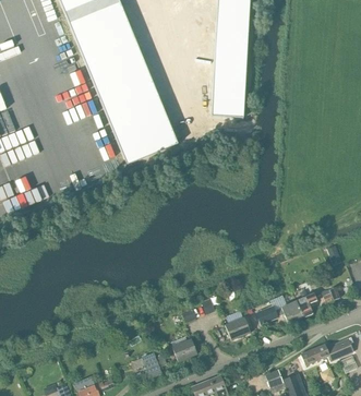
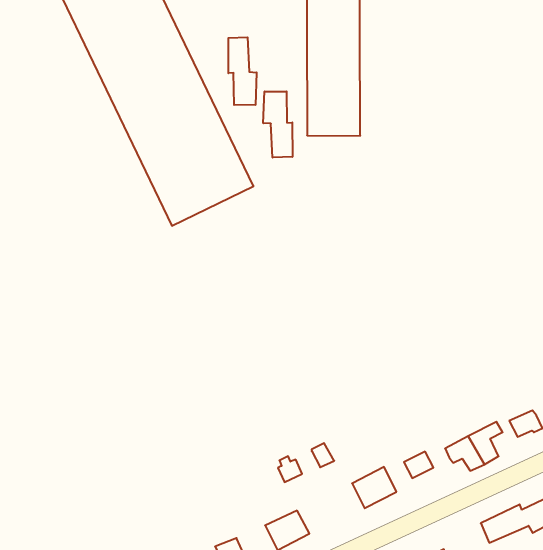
building: none -> [228,37,257,105]
building: none -> [263,91,292,158]

